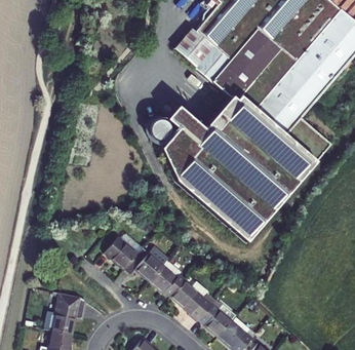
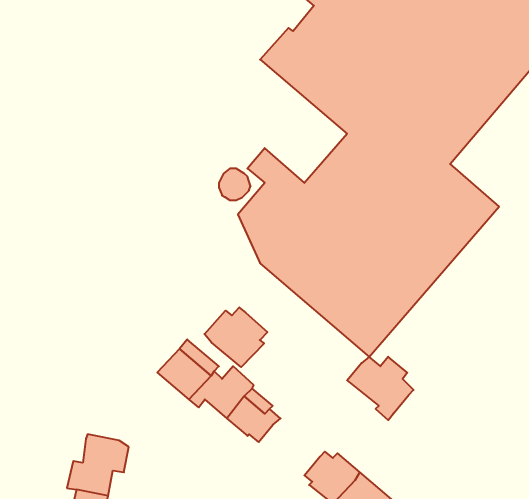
building: none -> [204,307,267,367]
building: [172,282,215,323] -> [347,357,414,420]

